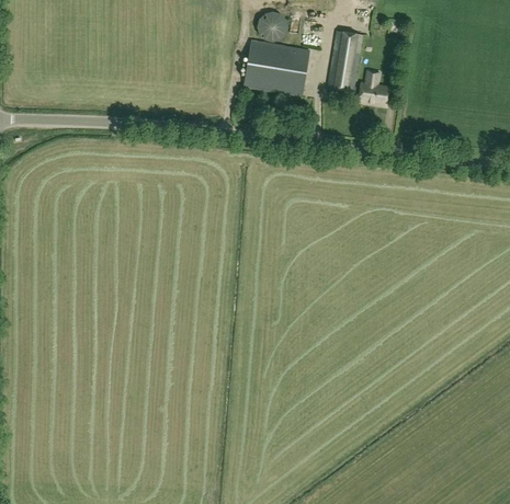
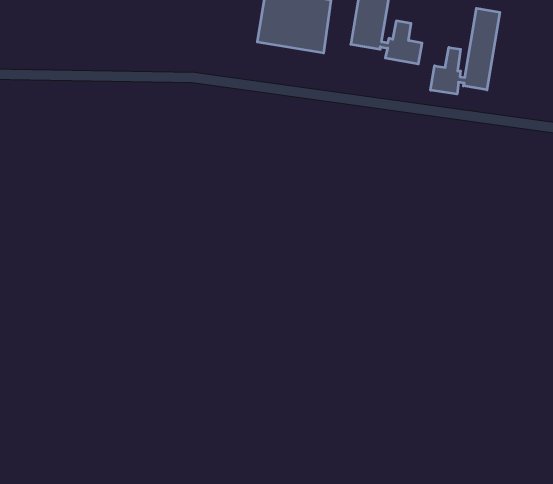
building: none -> [431,8,500,94]

